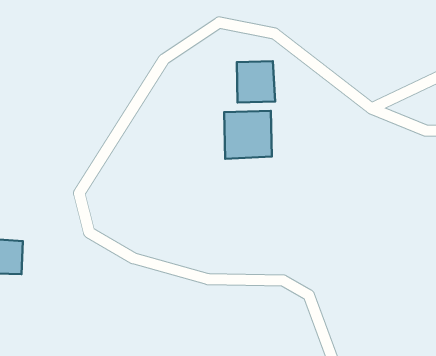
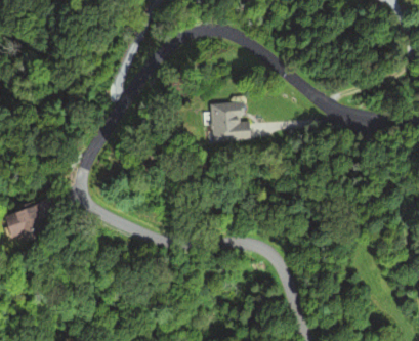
building: [237,61,275,103] -> none

